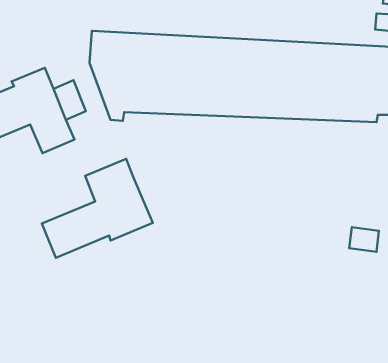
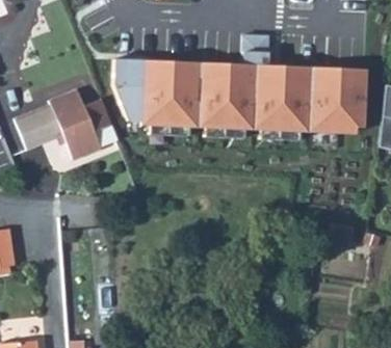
building: [42,159,153,258] -> none

